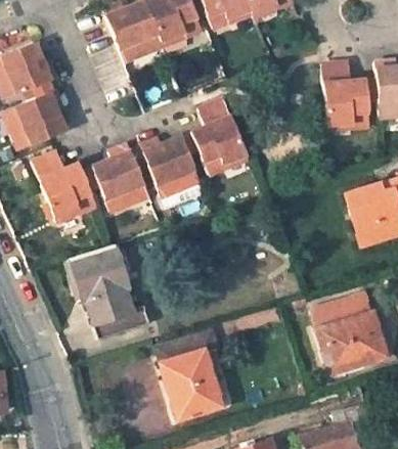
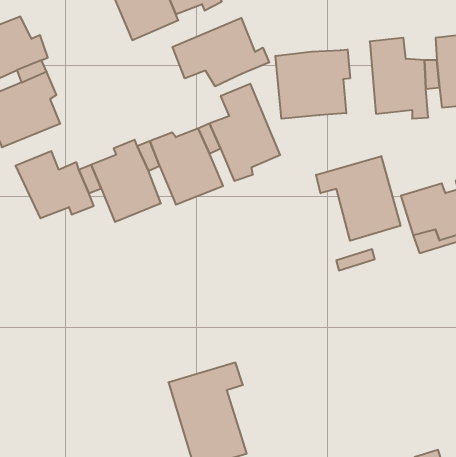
building: none -> [173,18,269,86]
building: none -> [276,49,350,119]
building: none -> [316,156,400,241]
building: [68,241,146,335] -> none
building: [314,296,382,371] -> none

